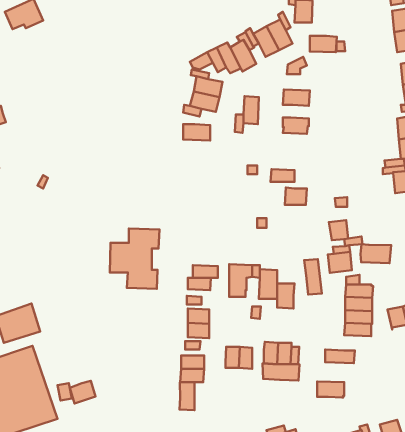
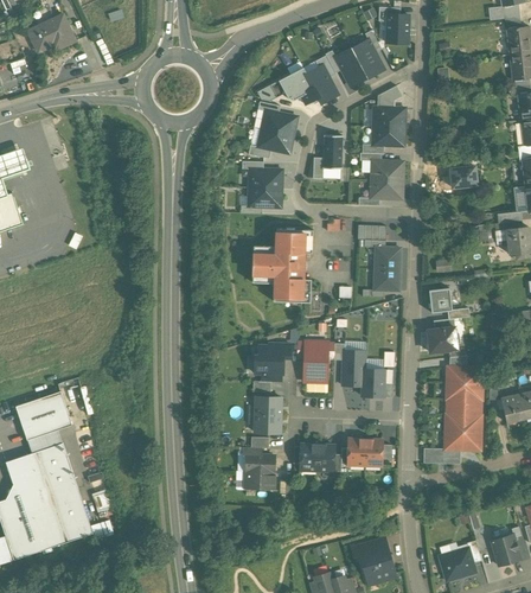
building: [310,36,337,52] -> [372,108,405,128]
building: none -> [447,164,475,189]
building: none -> [370,180,402,199]
building: none -> [247,189,281,209]
building: none -> [373,269,399,291]
building: [110,228,160,289] -> [251,229,313,304]
building: [360,244,391,263] -> none
building: [304,259,322,294] -> none
building: [263,364,299,381] -> none
building: [70,381,96,403] -> none
building: [317,381,344,398] -> [447,431,480,451]
building: [180,382,194,410] -> none

